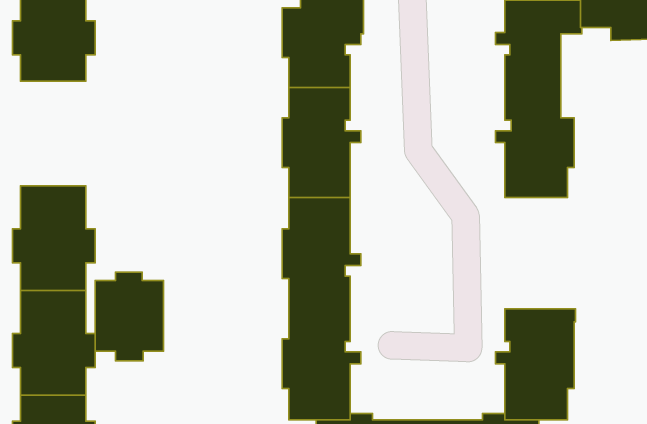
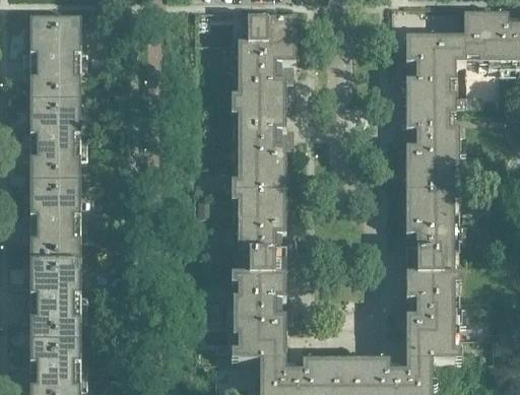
building: none -> [23,96,87,178]
building: none -> [398,187,460,273]
building: [95,272,164,361] -> none

